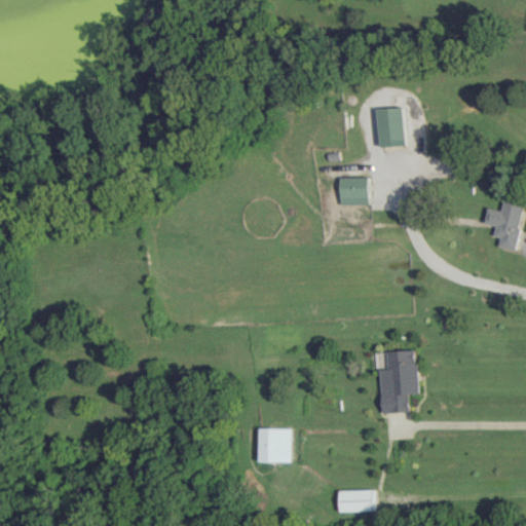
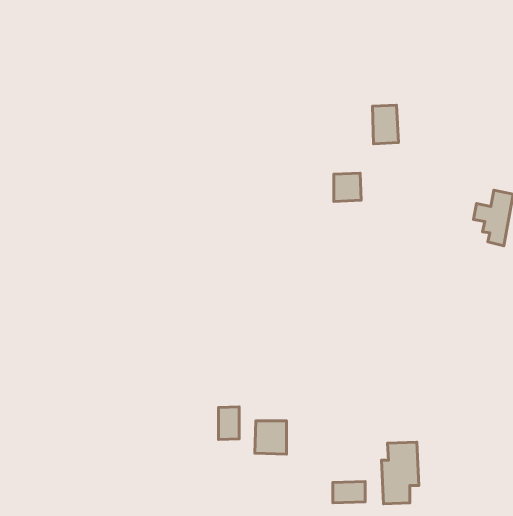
building: [379,350,417,413] -> [381,442,419,504]
building: none -> [218,407,239,440]

